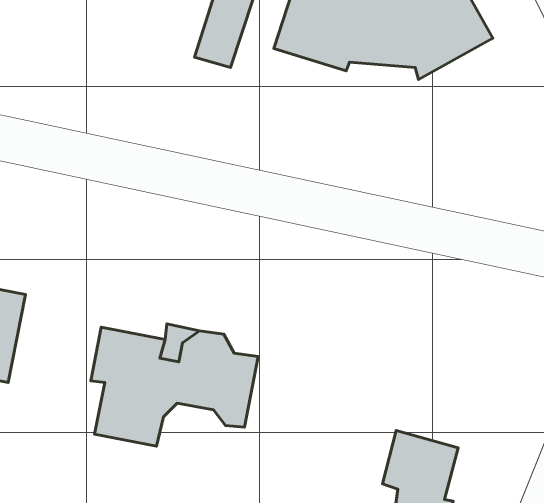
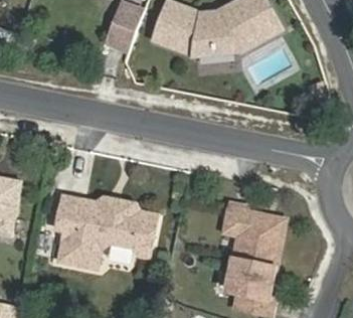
building: none -> [224,206,282,273]

